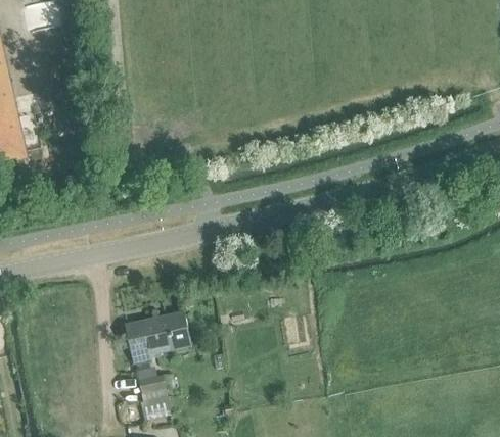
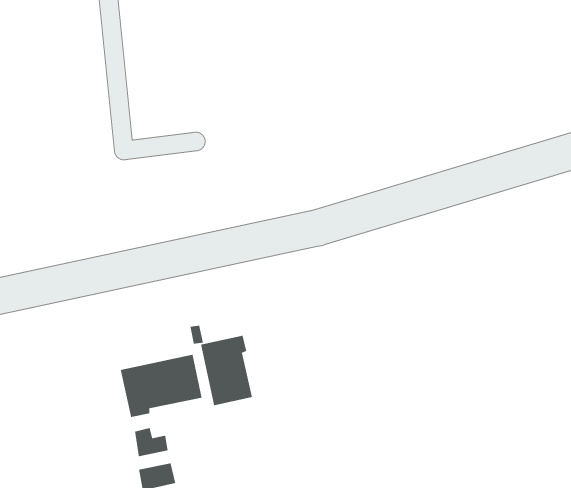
building: none -> [200,335,253,406]

